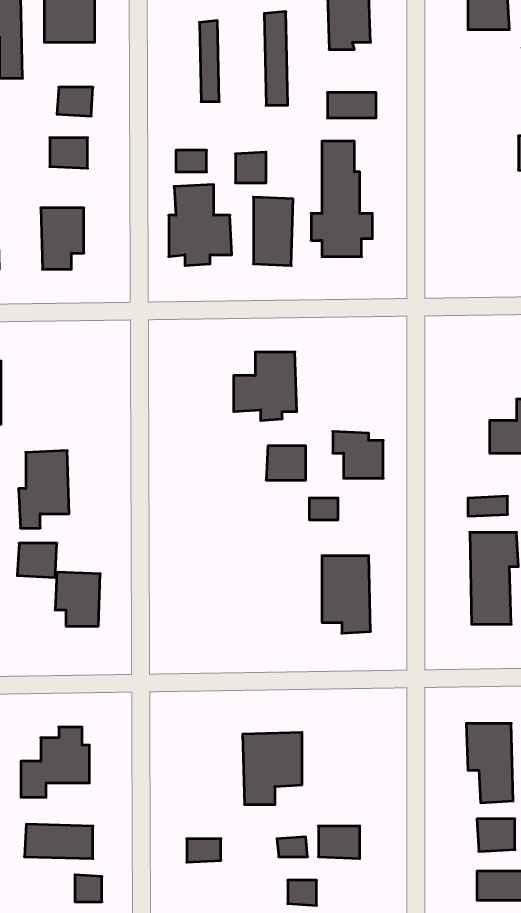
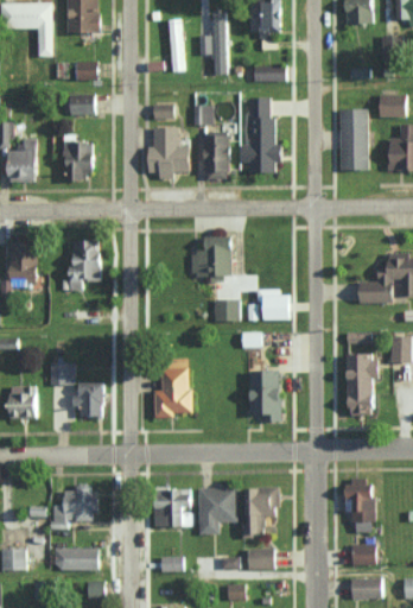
building: none -> [338,109,368,171]
building: [19,451,69,528] -> [68,240,101,291]
building: none -> [153,360,191,418]
building: none -> [240,487,280,534]
building: none -> [154,489,191,527]

